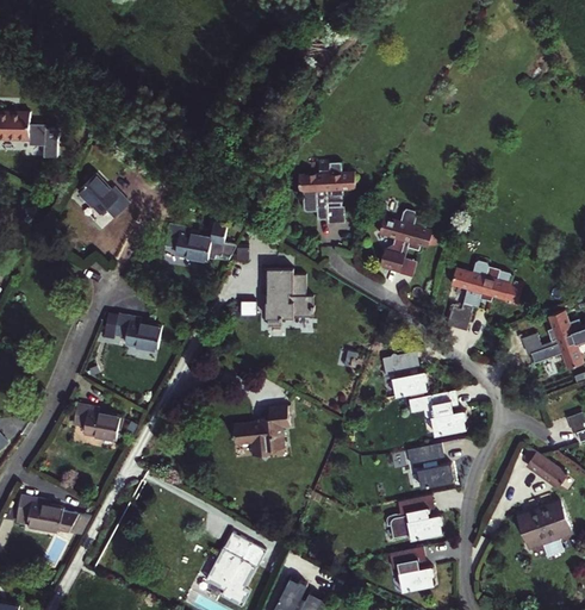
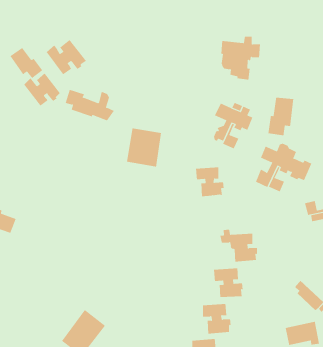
building: none -> [46,39,87,75]
building: [298,162,355,224] -> [220,36,261,80]
building: none -> [268,97,294,136]
building: none -> [23,72,60,107]
building: [114,316,162,351] -> none
building: [382,351,428,397] -> [195,167,225,197]
building: [235,405,293,456] -> none

